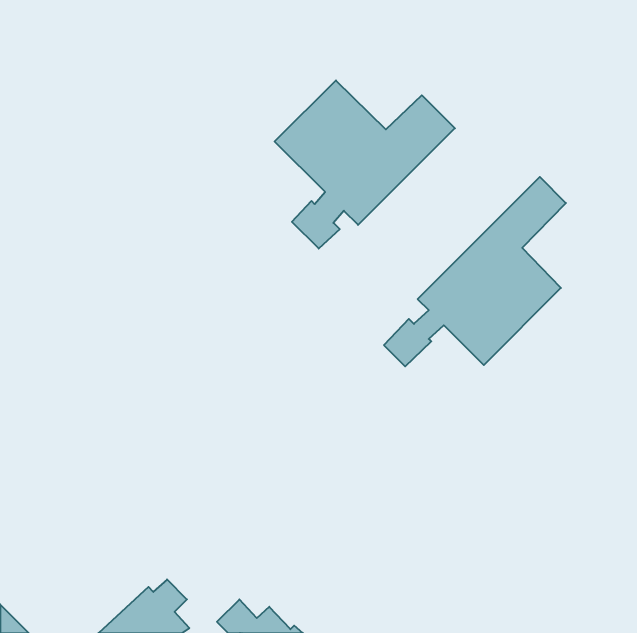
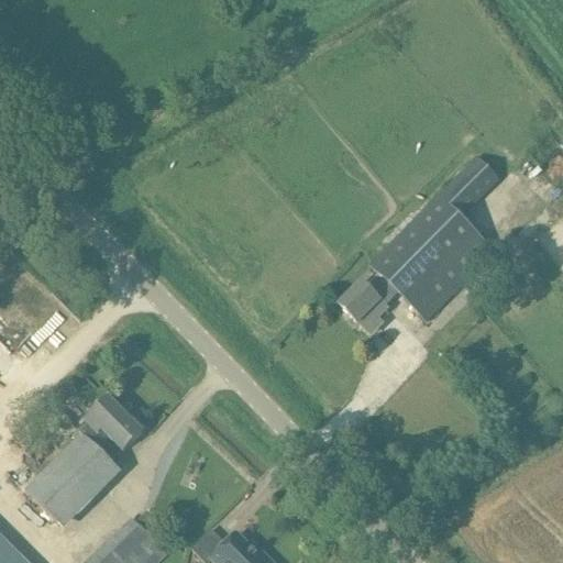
building: [275,80,455,249] -> none
building: none -> [25,399,144,526]

